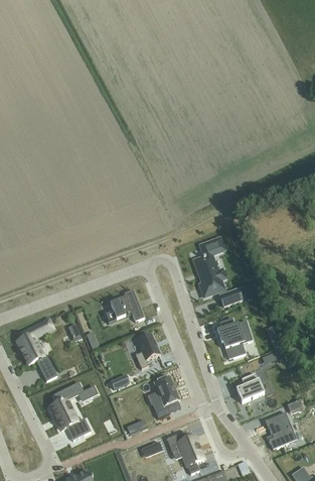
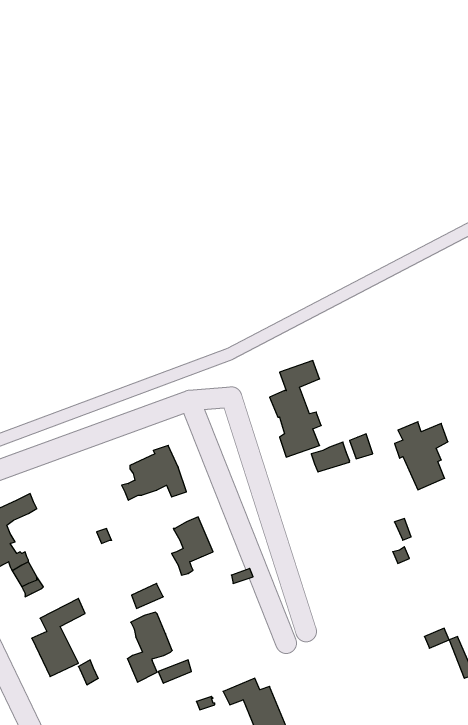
building: [217,317,250,358] -> [395,422,448,490]
building: [238,373,264,402] -> none
building: [152,376,179,418] -> [127,612,172,682]
building: [265,411,297,449] -> none

